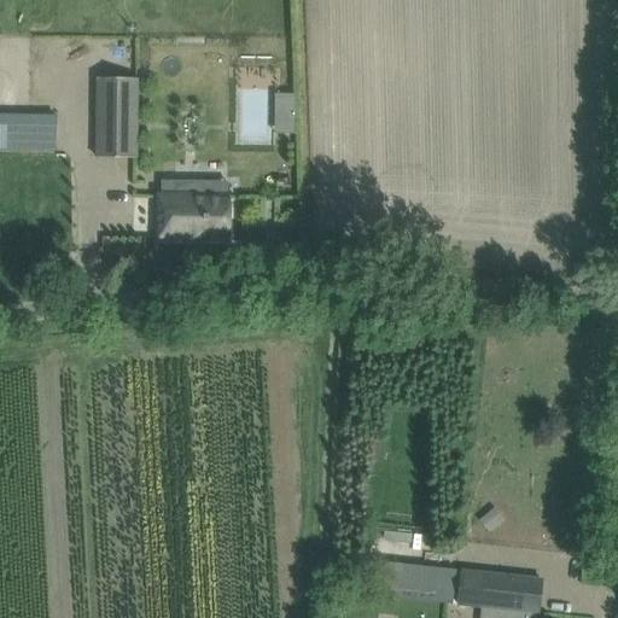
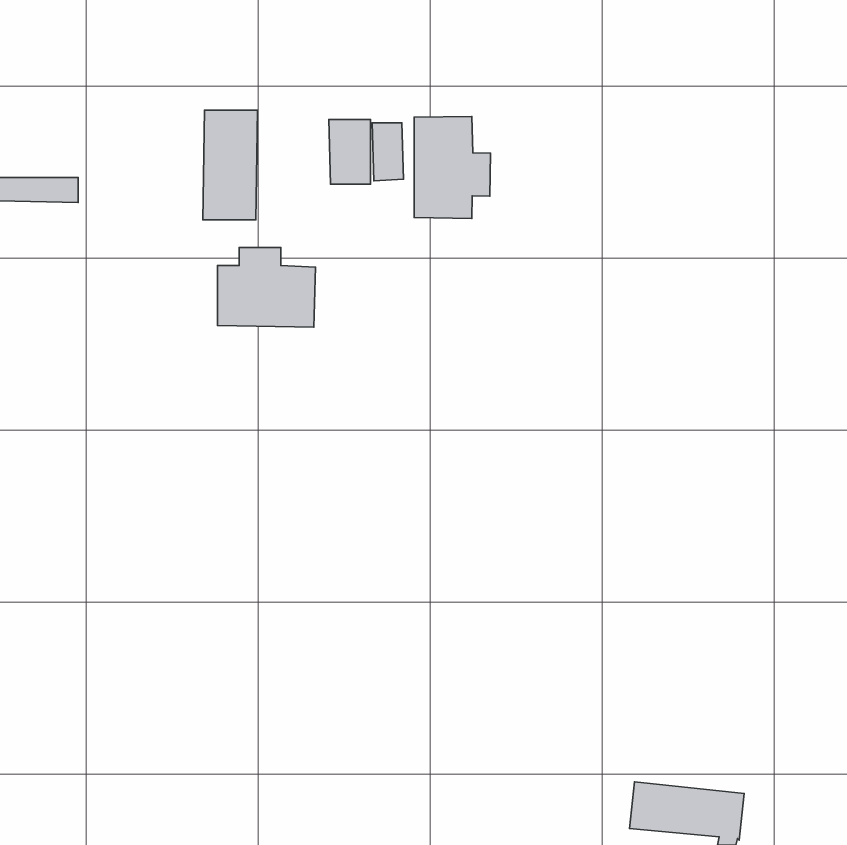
building: [97,76,136,156] -> [203,110,258,220]
building: none -> [414,116,491,218]
building: [379,561,453,602] -> none

